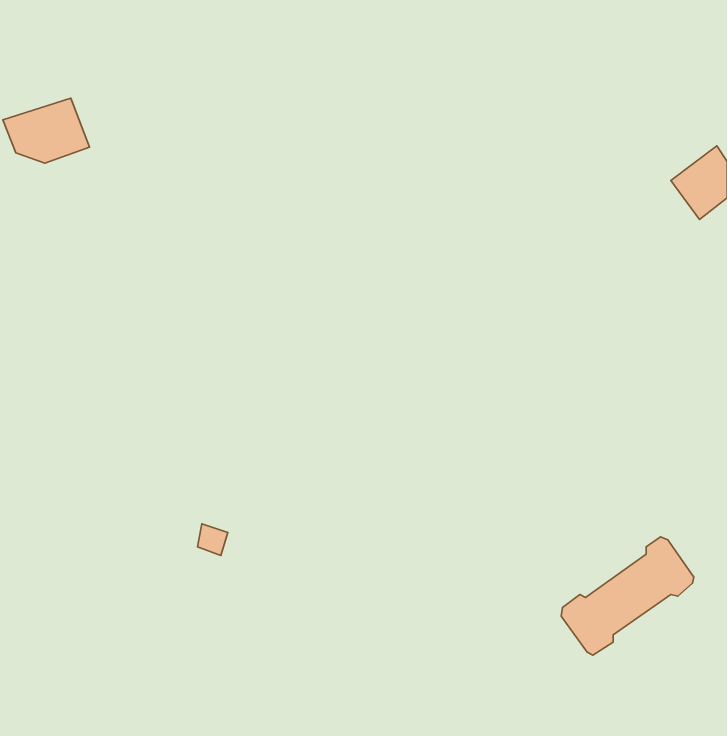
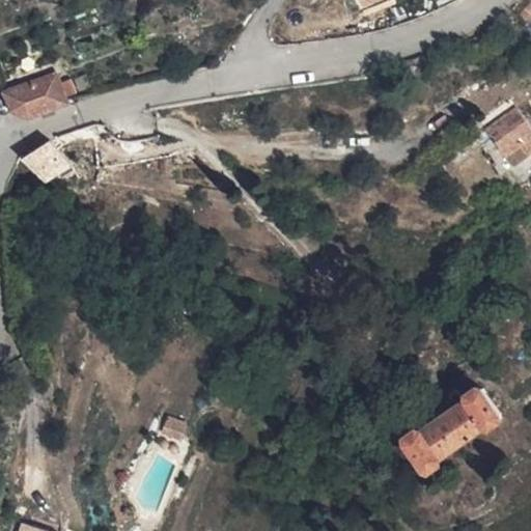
building: none -> [21,142,77,186]

